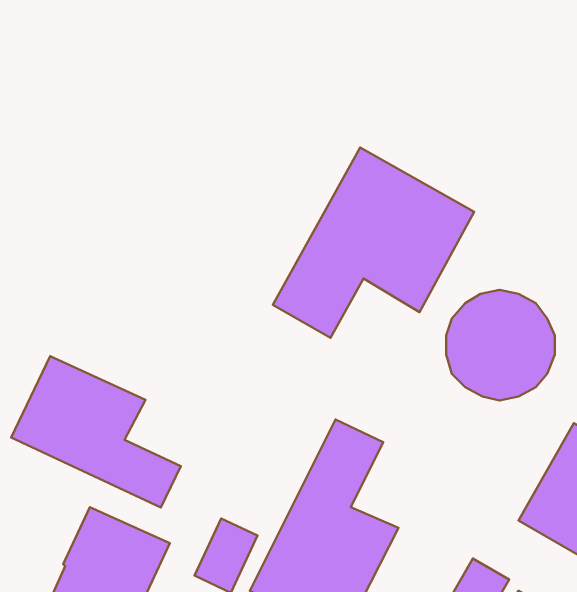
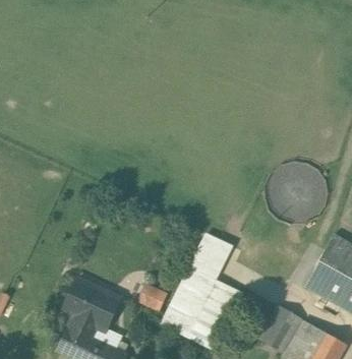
building: [273,148,474,338] -> none
building: [11,356,181,507] -> none

